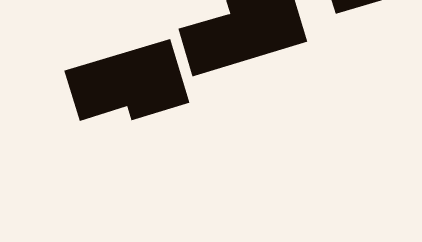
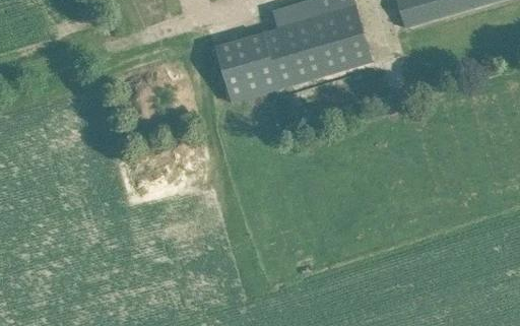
building: [64,38,190,122] -> none

